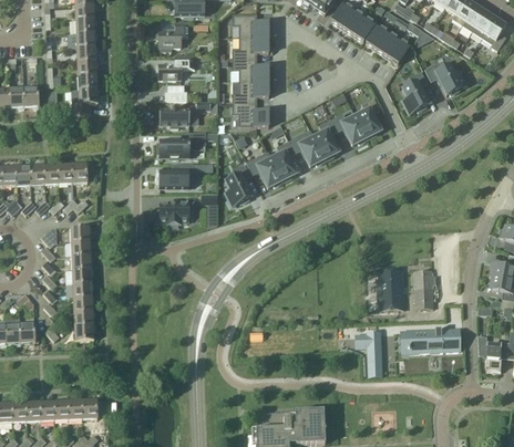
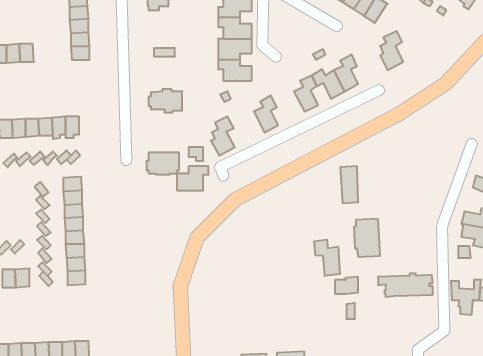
building: [158,55,194,79] -> none
building: [424,60,465,94] -> none
building: [160,106,193,125] -> none
building: [288,135,323,165] -> none
building: [246,156,281,186] -> none
building: [160,163,193,188] -> [177,166,209,190]
building: [413,269,432,308] -> [340,166,358,203]
building: none -> [314,240,340,276]

